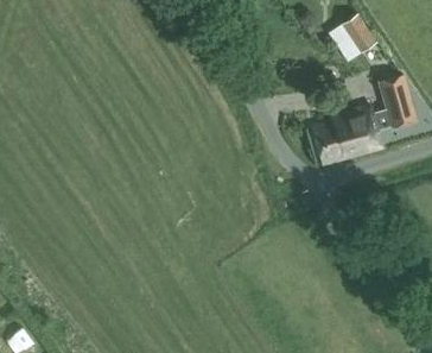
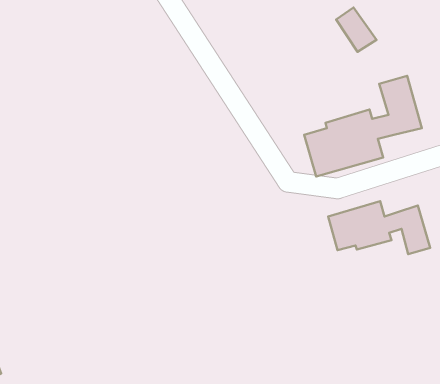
building: none -> [328,201,430,254]

